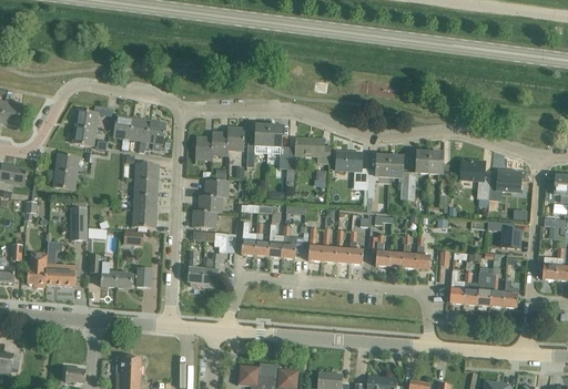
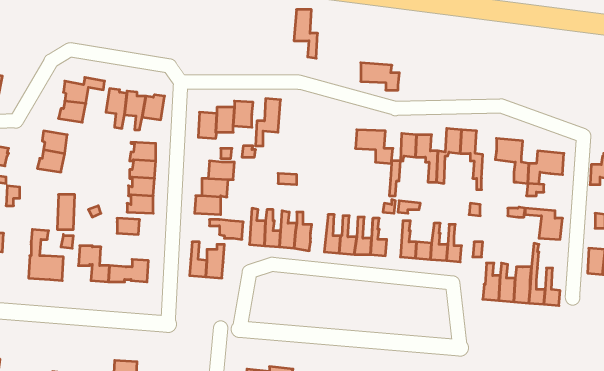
building: [266,125,287,168] -> [294,10,318,58]
building: [295,137,329,162] -> [361,63,399,90]
building: [27,254,47,284] -> none

